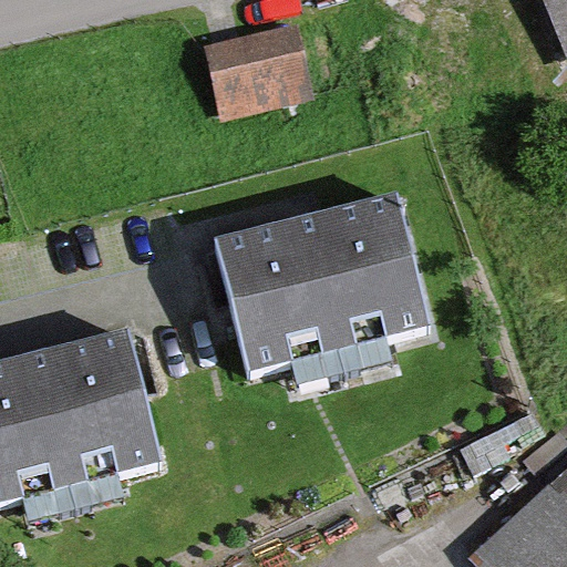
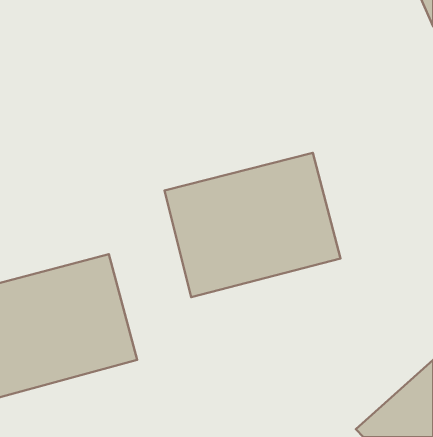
building: [199,18,316,118] -> none

